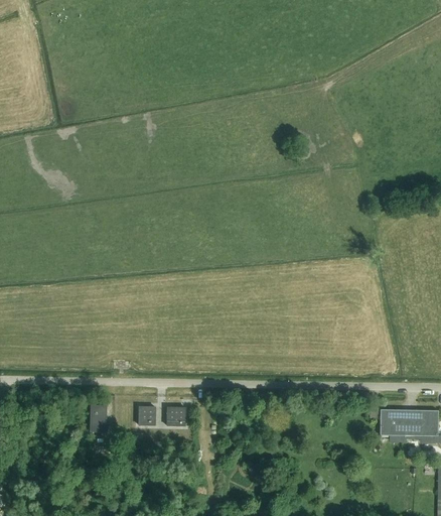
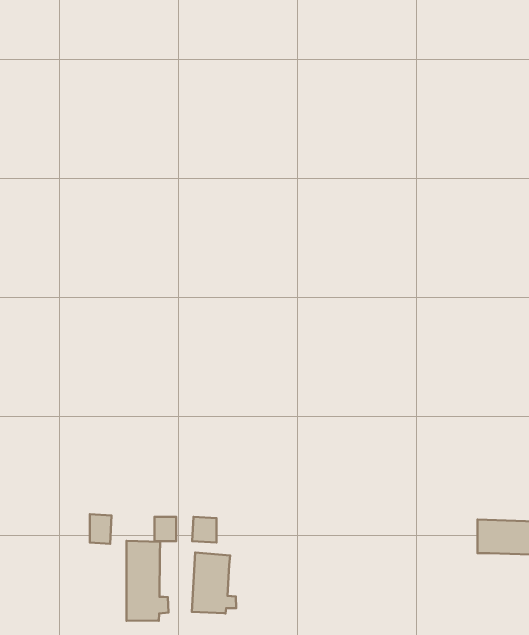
building: none -> [127,541,169,621]
building: none -> [192,553,236,613]

